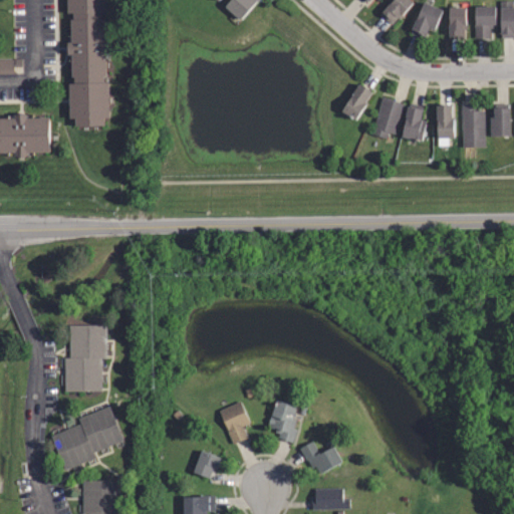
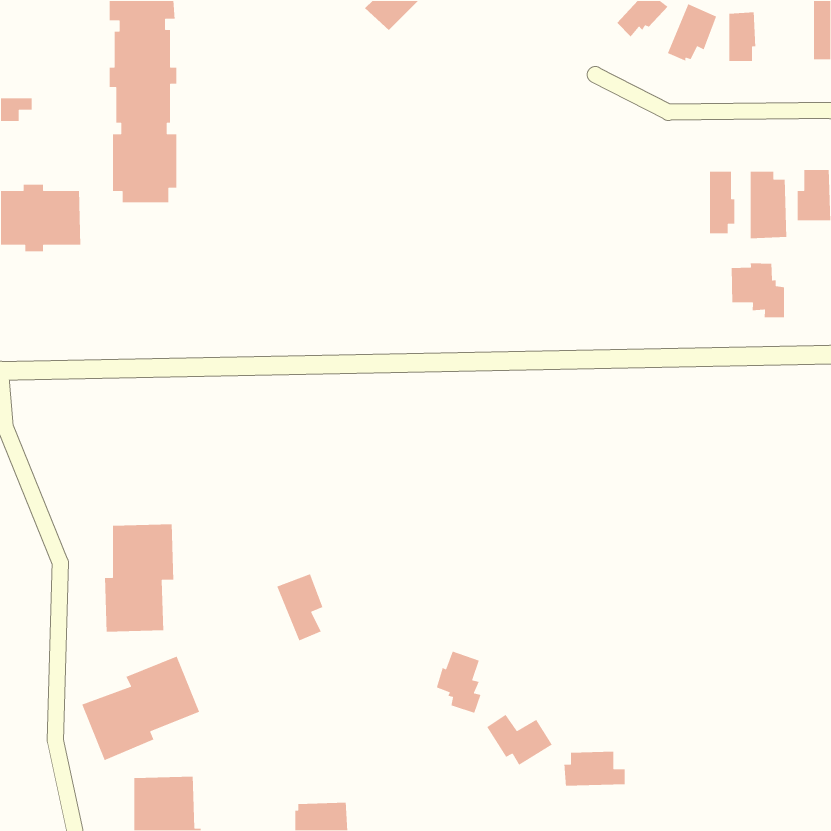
building: [476,6,497,37] -> none
building: [341,84,371,119] -> none
building: [372,97,405,138] -> none
building: [404,103,427,140] -> none
building: none -> [731,262,785,318]
building: [218,404,247,446] -> [276,573,323,642]
building: [193,450,221,479] -> none
building: [310,486,348,508] -> [564,751,625,786]

